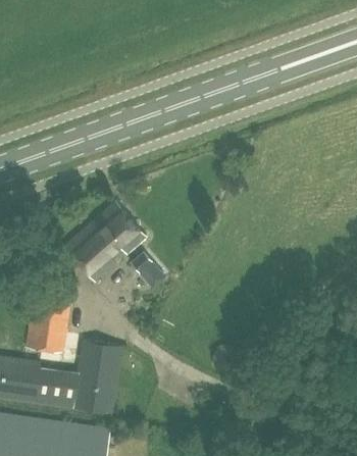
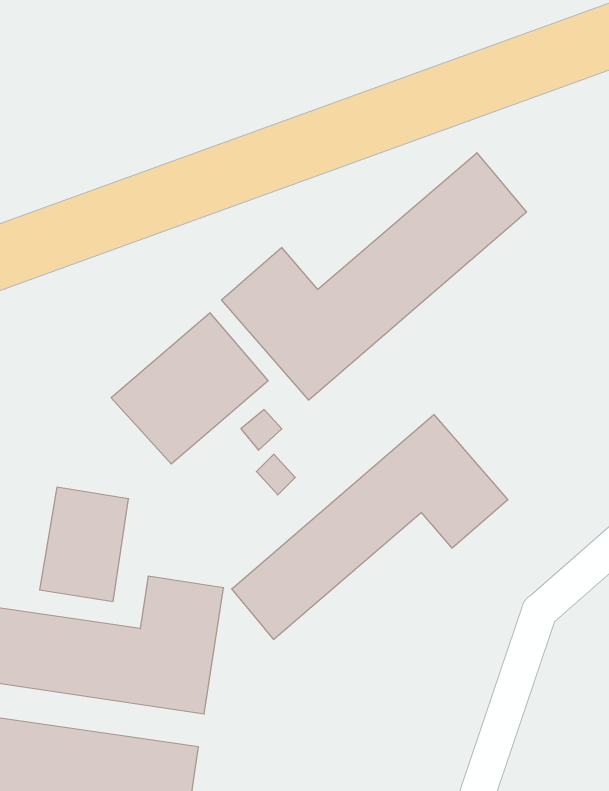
building: none -> [222,153,526,400]
building: none -> [232,415,508,639]

